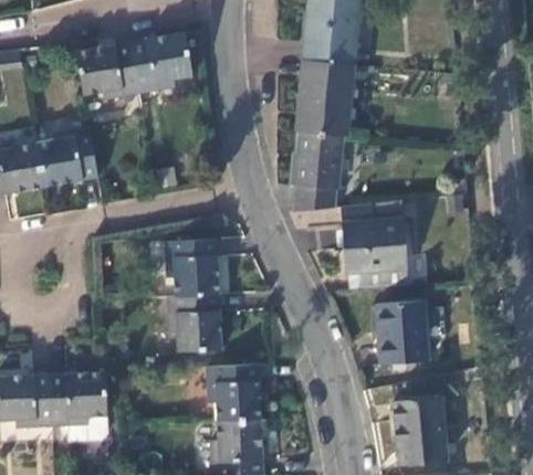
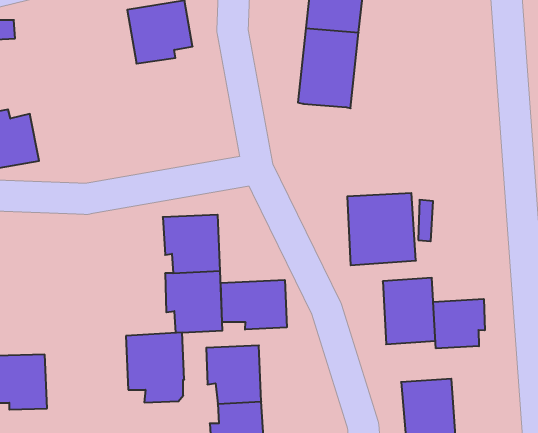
building: [77,42,139,101] -> none
building: [36,126,98,188] -> none
building: [292,133,342,212] -> none
building: none -> [221,280,287,330]
building: none -> [433,299,485,348]
building: [51,371,107,439] -> [126,333,184,402]

